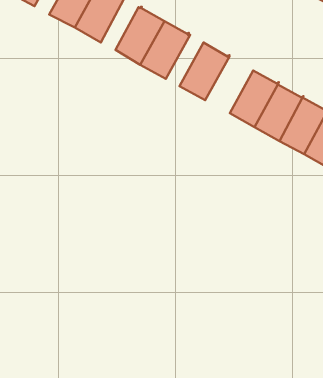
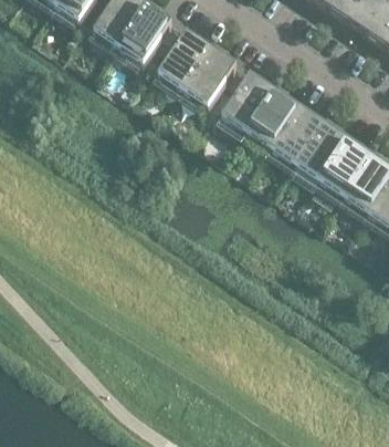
building: none -> [244,90,297,148]

